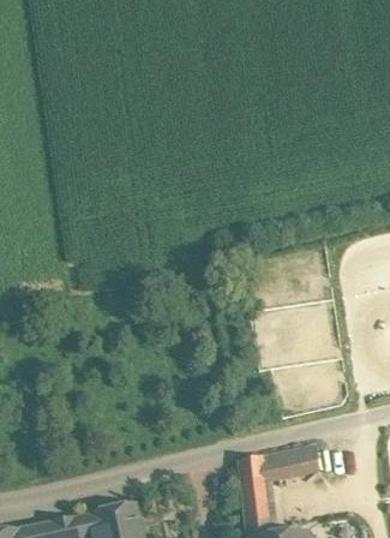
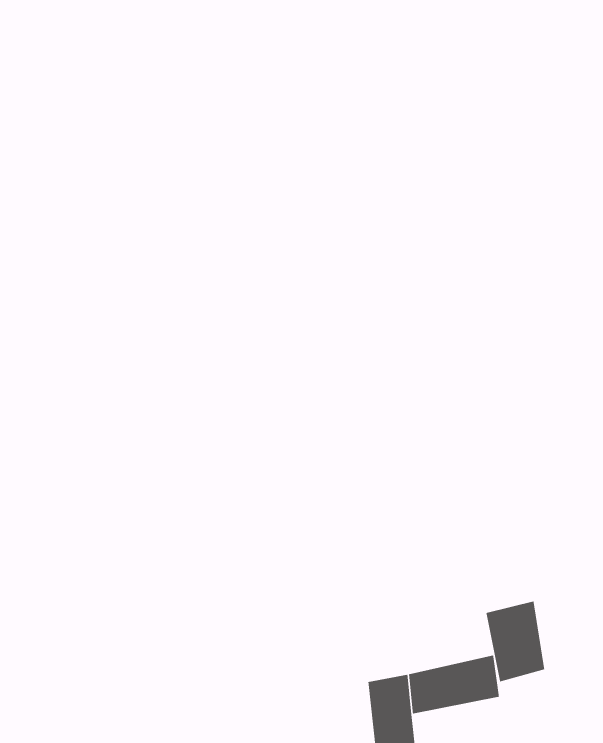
building: none -> [486,601,545,682]

